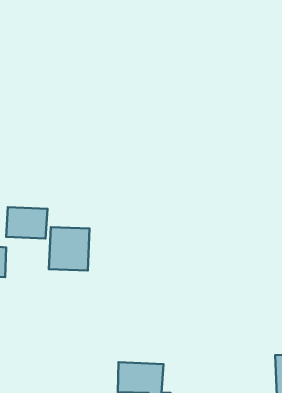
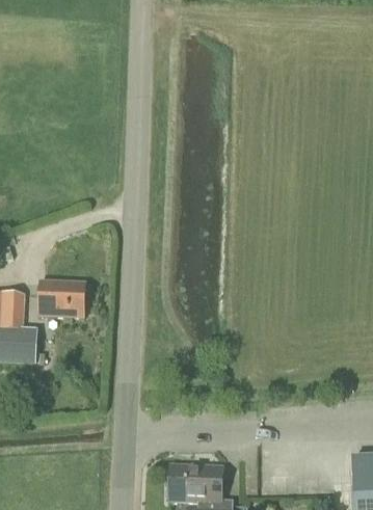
building: [49,227,90,270] -> none

